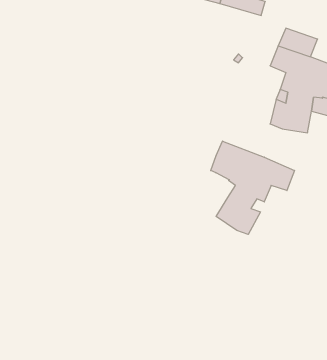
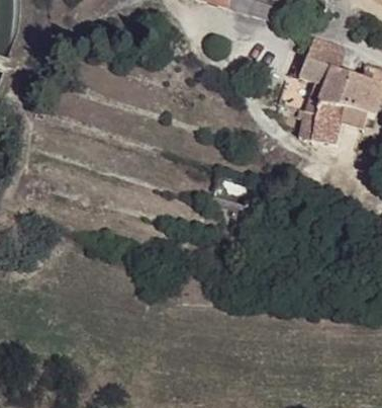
building: [211,141,294,234] -> none

